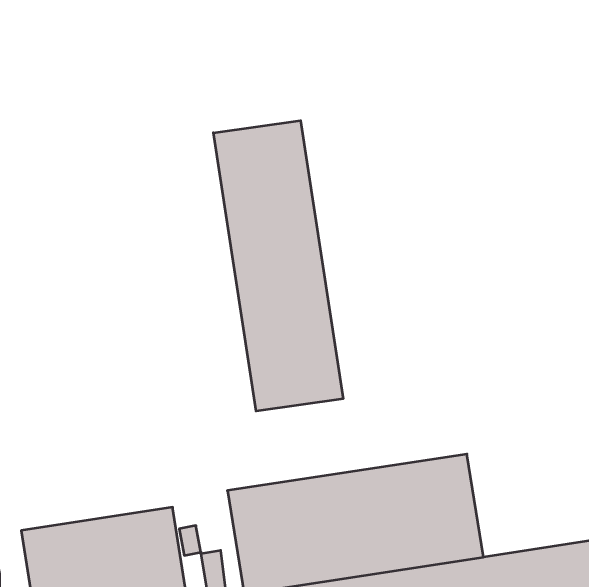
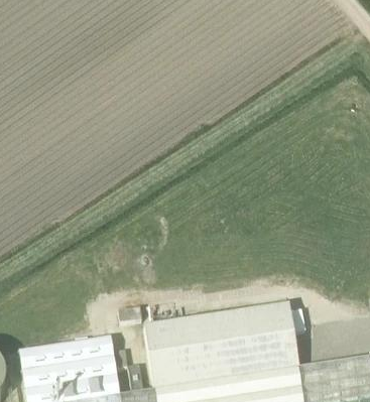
building: [213,121,343,411] -> none

